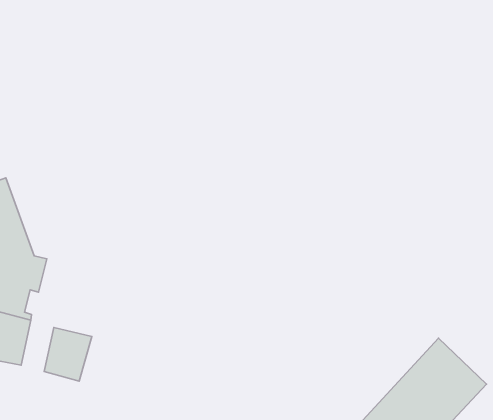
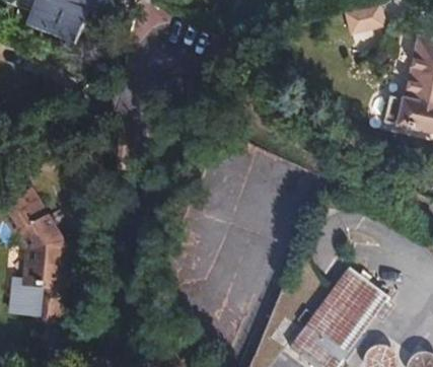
building: [44,327,92,381] -> none

